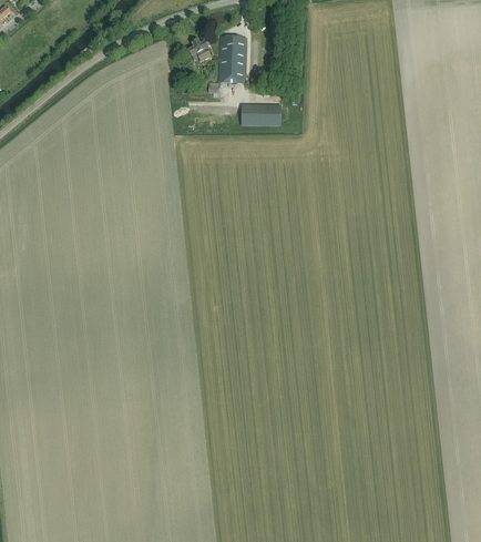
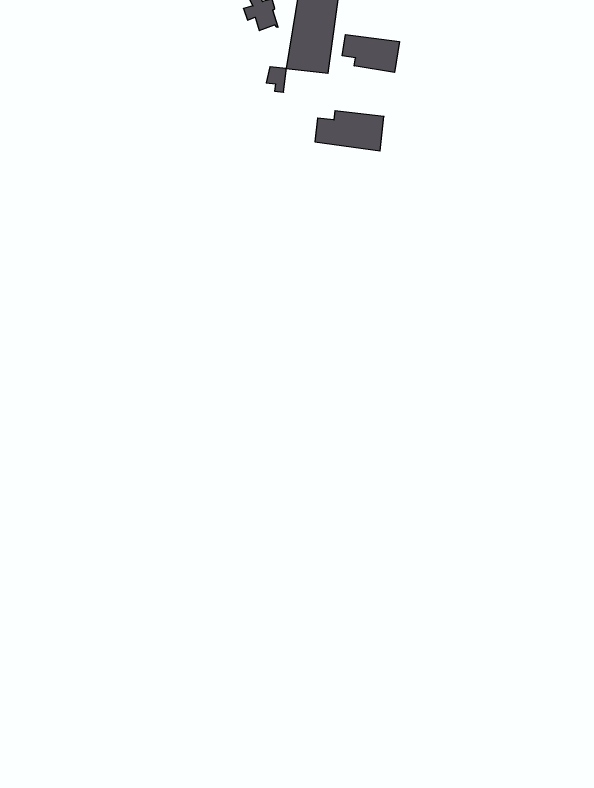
building: none -> [342,35,399,72]

